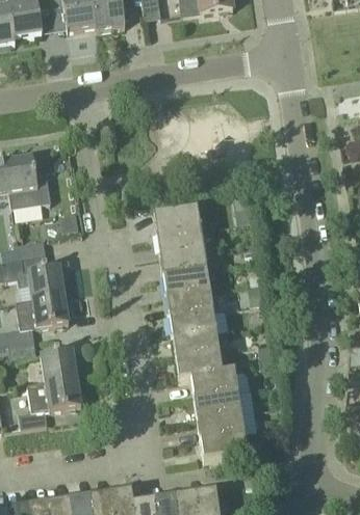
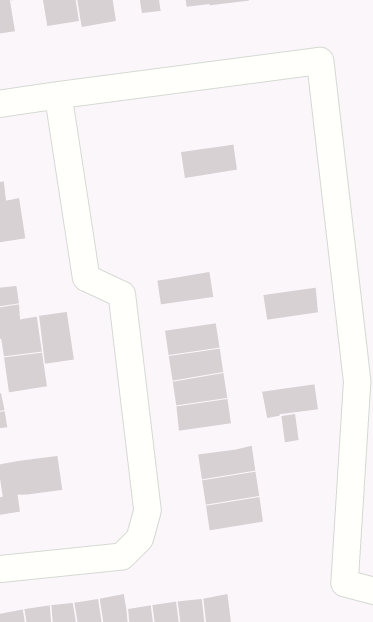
building: [154,208,201,236] -> [180,144,238,179]
building: [160,249,206,276] -> [263,287,319,320]
building: none -> [39,311,74,364]
building: [41,349,77,382] -> none
building: [175,352,222,380] -> [261,384,319,418]
building: [200,432,248,460] -> none

